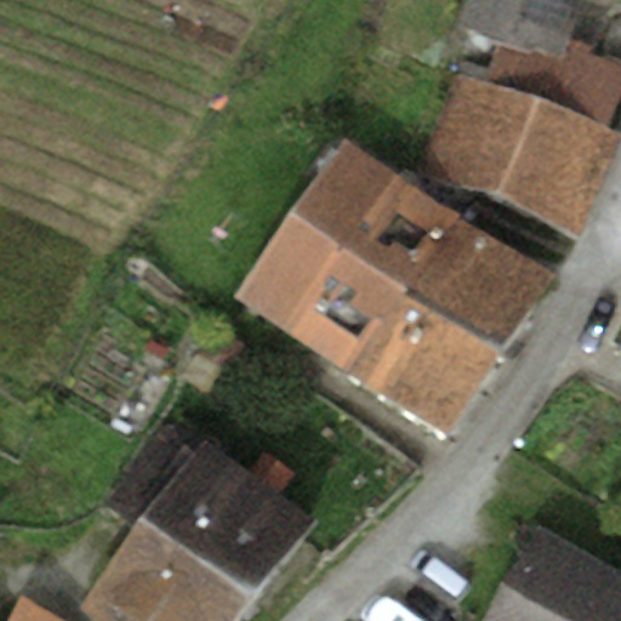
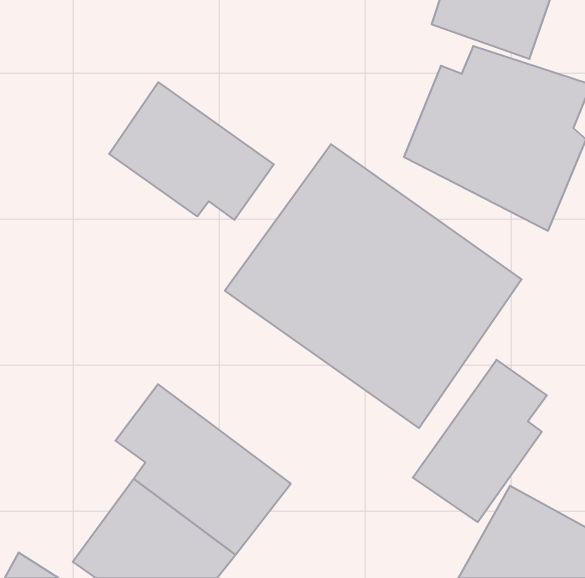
building: none -> [109,82,274,220]
building: none -> [413,360,547,522]

